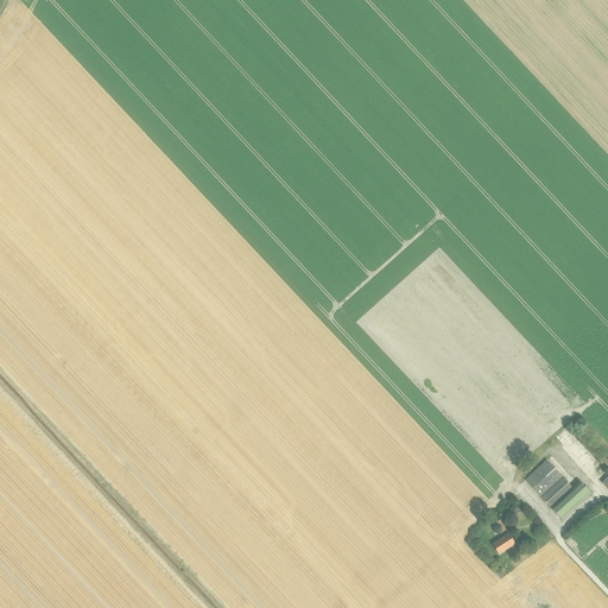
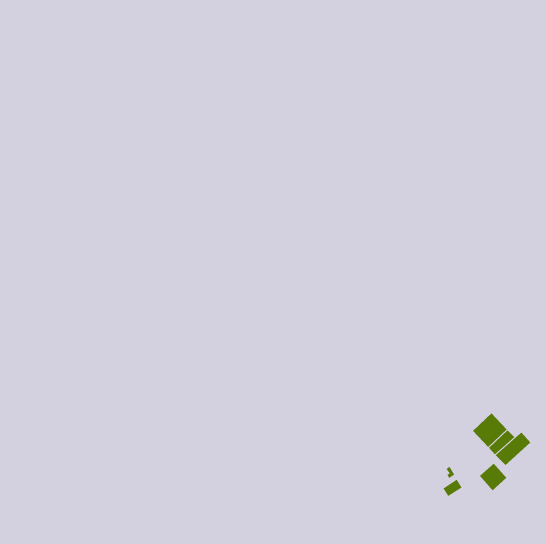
building: none -> [479,463,507,491]

